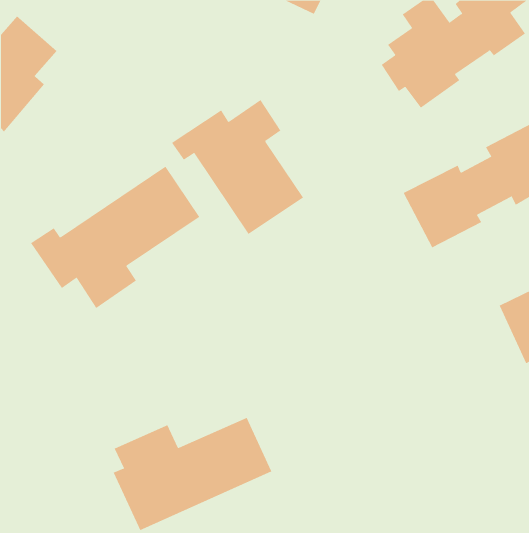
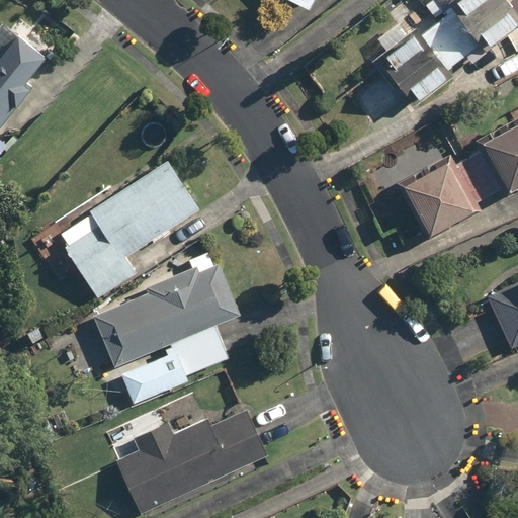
building: [171,99,304,235] -> none
building: none -> [90,254,238,404]

